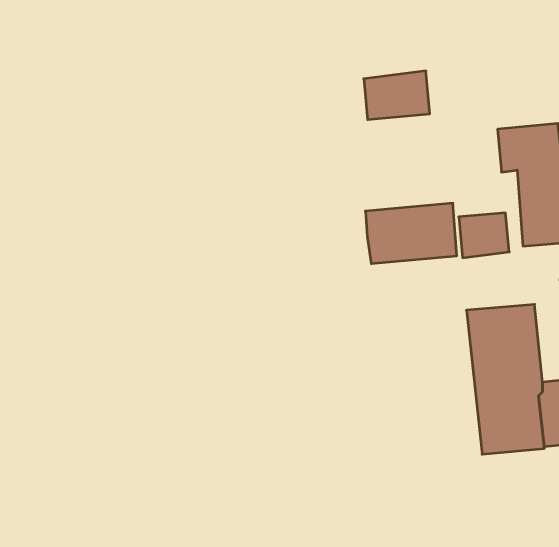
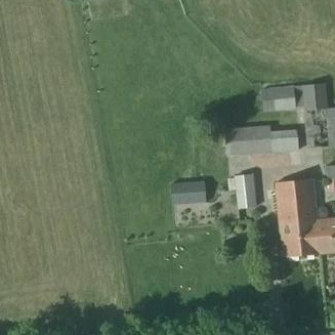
building: [364,71,430,120] -> [261,86,296,112]
building: none -> [235,173,256,209]
building: none -> [171,180,207,205]

